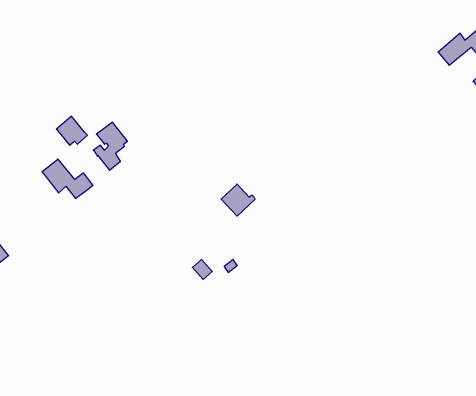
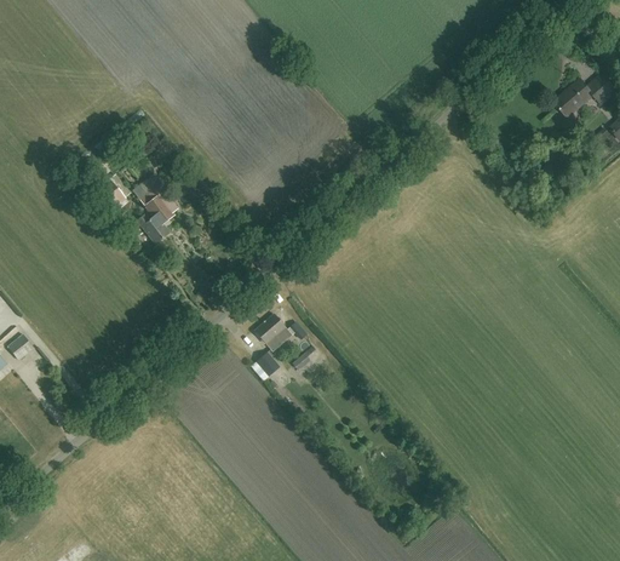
building: [42,159,93,199] -> none
building: [221,184,255,216] -> [253,313,294,351]

